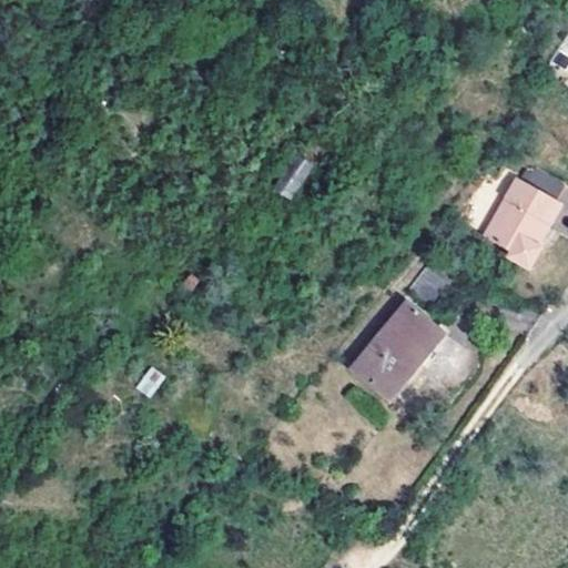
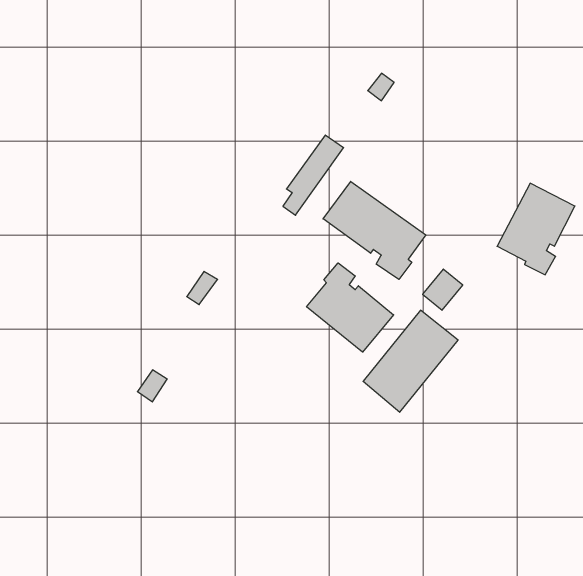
building: none -> [323,181,426,279]
building: none -> [307,263,394,352]

